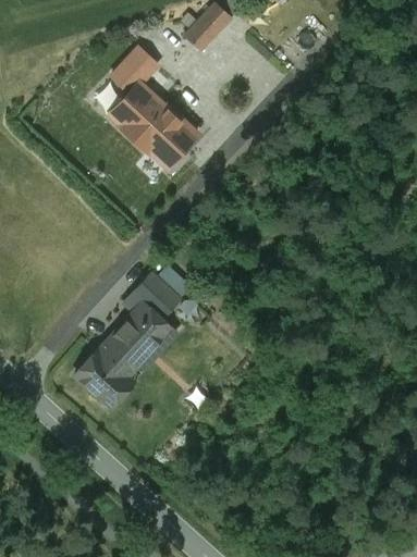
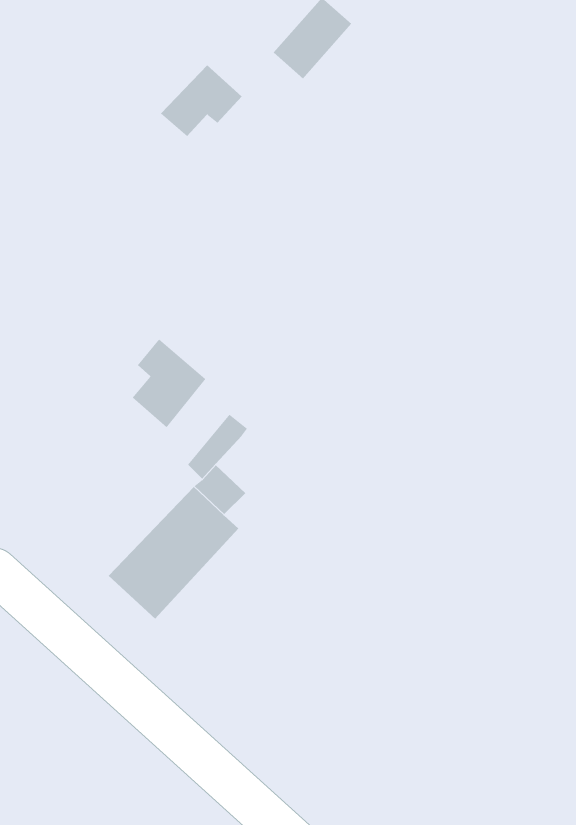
building: [111,83,197,166] -> none
building: none -> [132,339,206,428]
building: [144,284,181,321] -> none

